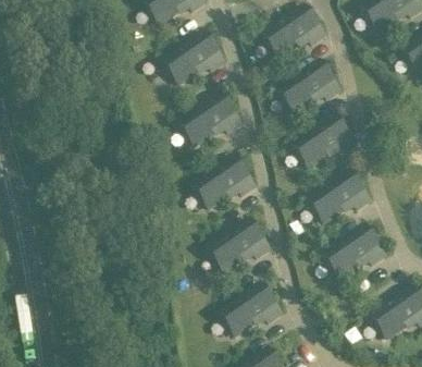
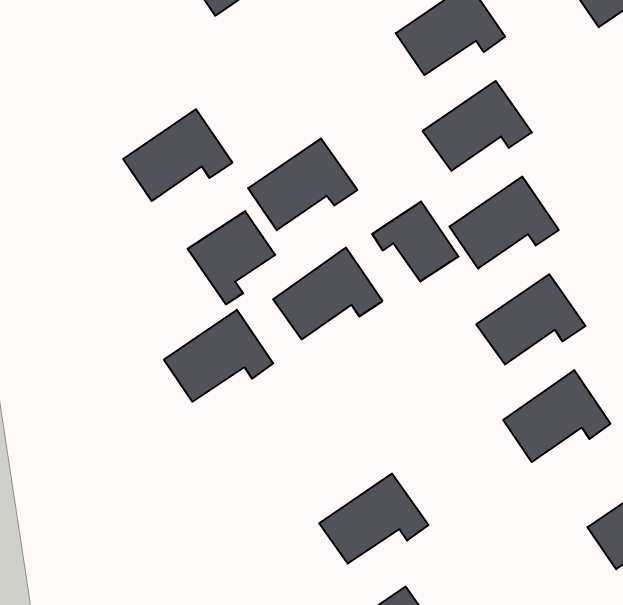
building: [166,33,228,85] -> [123,109,232,201]
building: none -> [372,201,459,282]
building: none -> [188,211,275,304]
building: [211,220,273,272] -> [164,310,273,402]

